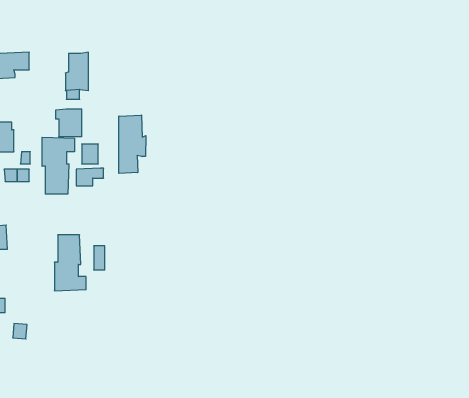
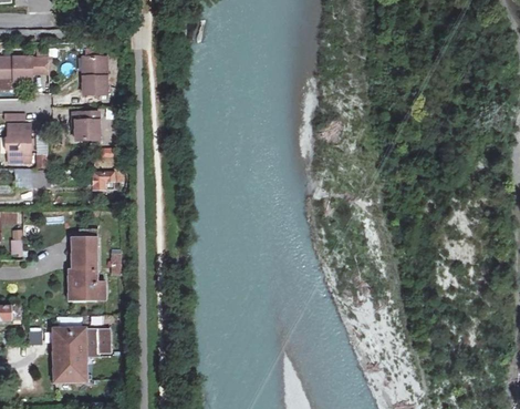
building: [119,115,146,173] -> none
building: [42,137,74,194] -> none
building: none -> [53,328,107,379]

